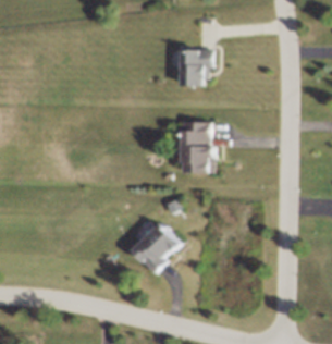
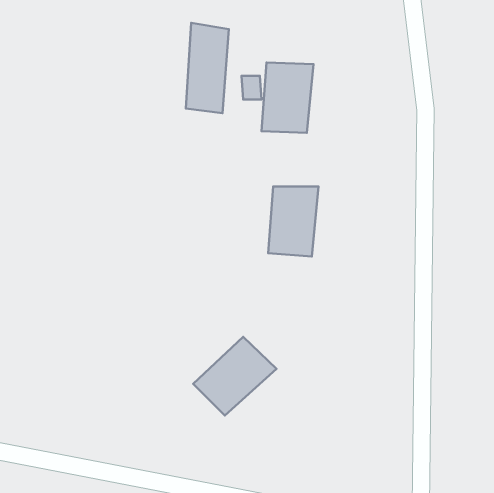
building: none -> [186,23,229,113]

